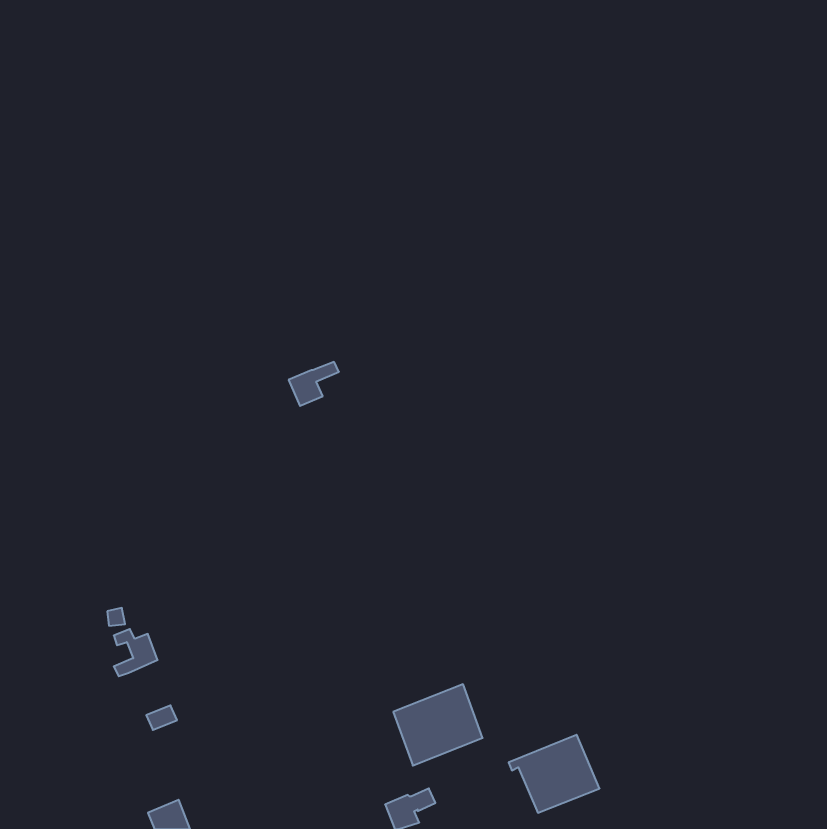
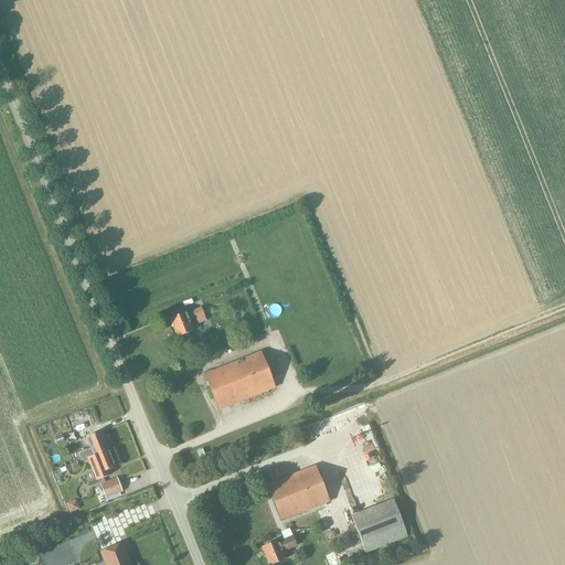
building: [289,362,339,406] -> [171,306,205,335]
building: none -> [205,351,276,409]
building: none -> [89,448,116,480]

